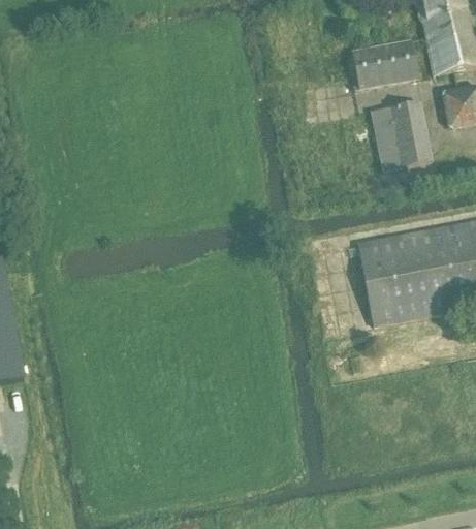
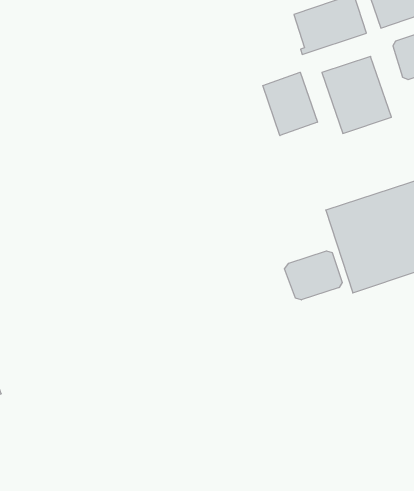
building: none -> [263,72,317,136]
building: none -> [285,251,342,300]

